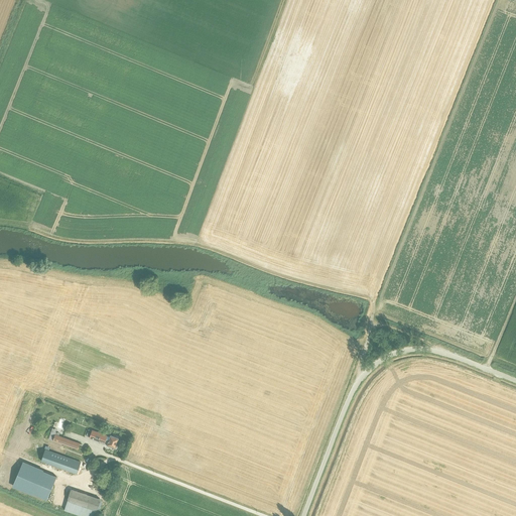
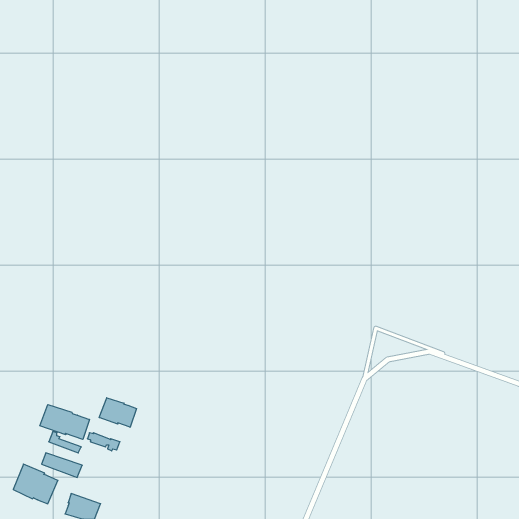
building: none -> [99,398,136,427]
building: none -> [40,405,89,439]

